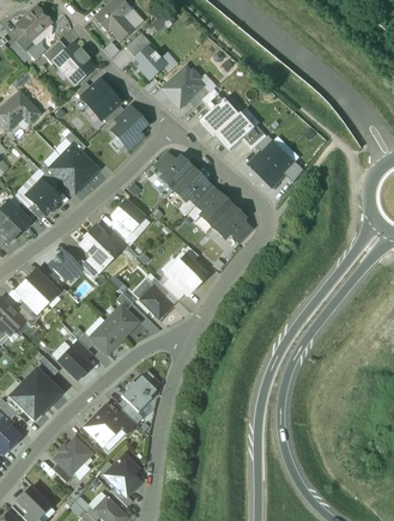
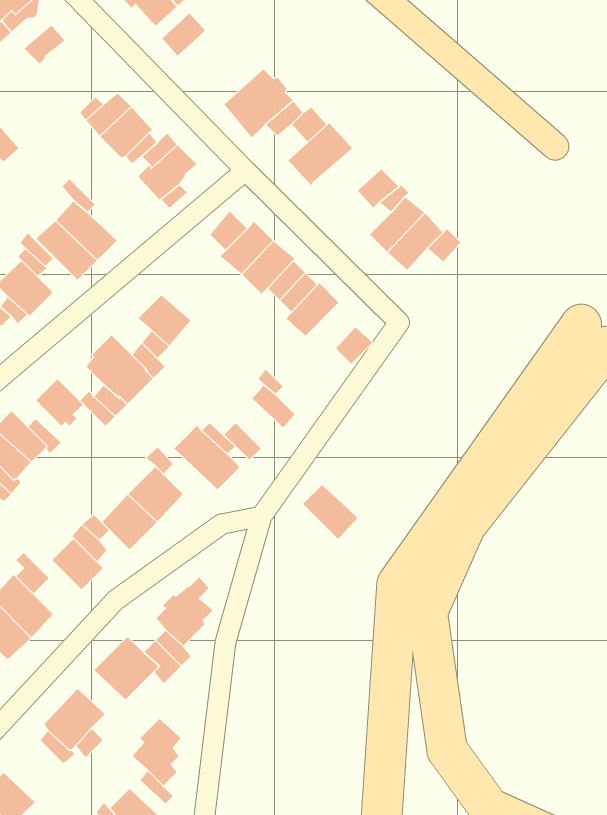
building: [55,44,91,80] -> none
building: [132,47,164,79] -> none
building: [216,110,255,149] -> none
building: [211,205,243,237] -> none
building: [165,261,199,295] -> [302,484,358,540]

